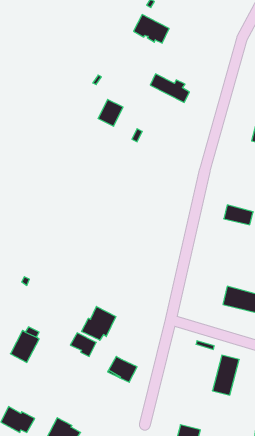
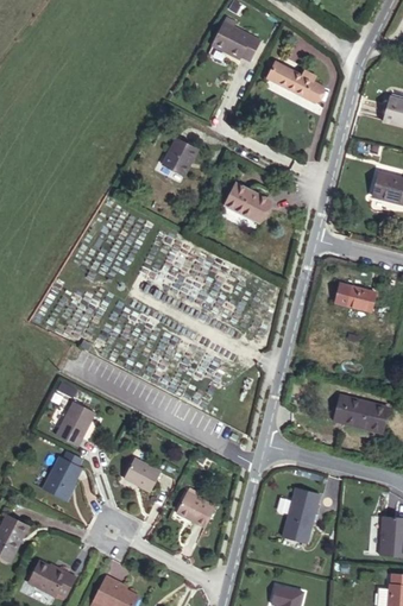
building: [150,74,189,102] -> [269,62,322,101]
building: none -> [226,183,270,222]
building: none -> [56,400,95,446]
building: [82,306,116,340] -> none
building: [212,355,239,395] -> [283,487,320,542]

